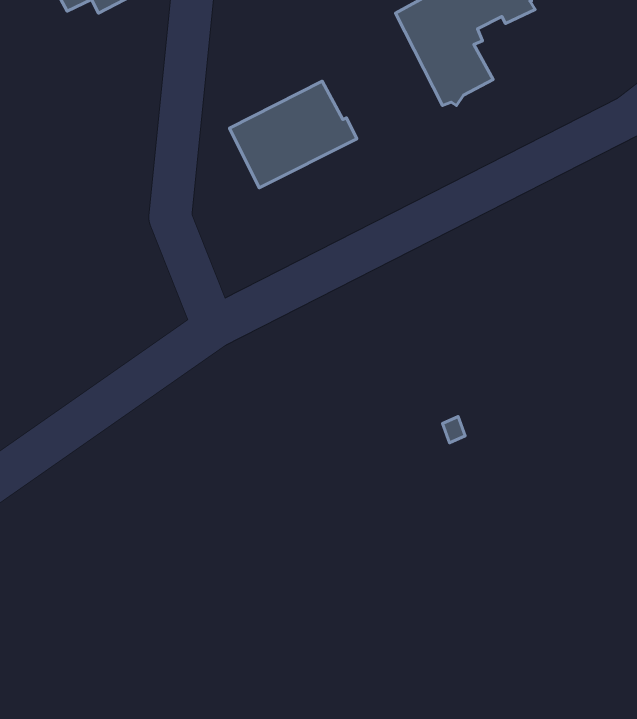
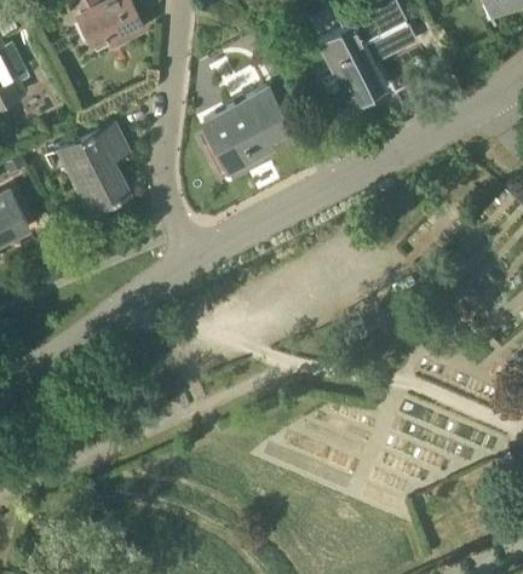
building: none -> [61,122,130,213]

